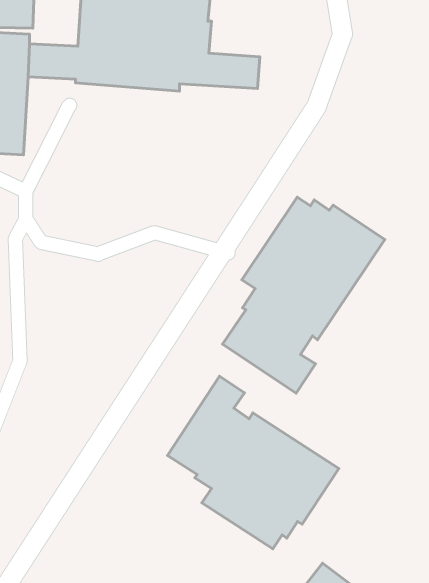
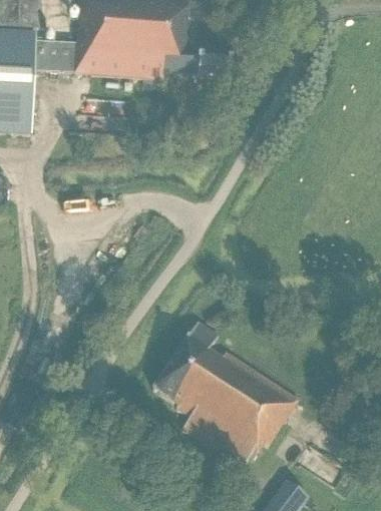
building: [223,197,385,393] -> none

